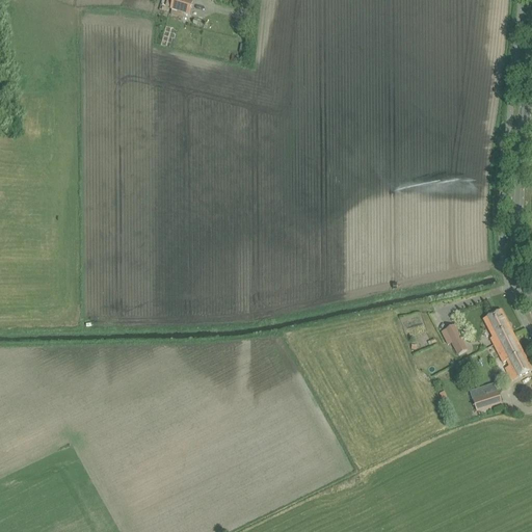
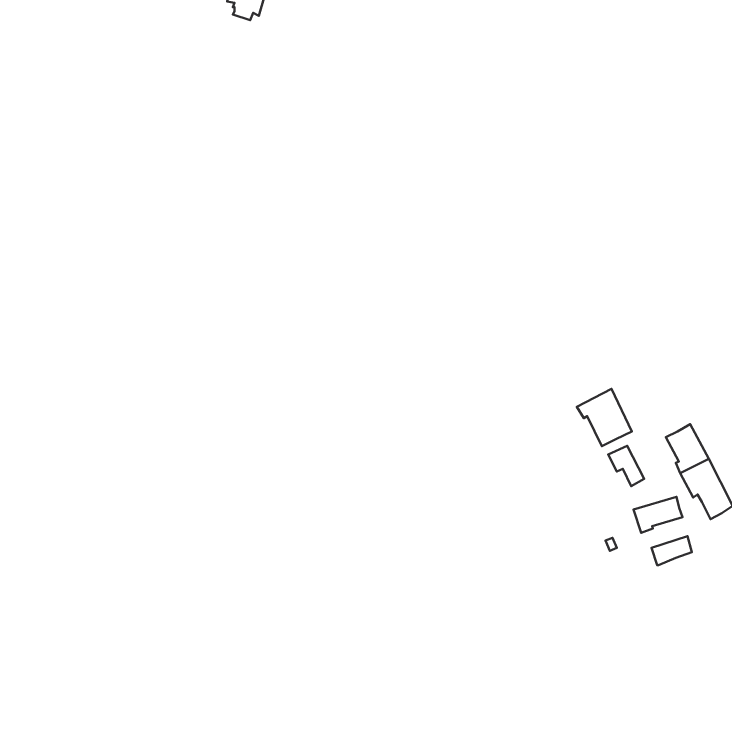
building: none -> [577,389,632,446]
building: none -> [634,497,682,533]

